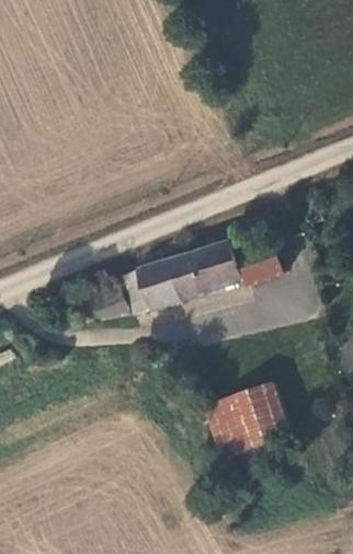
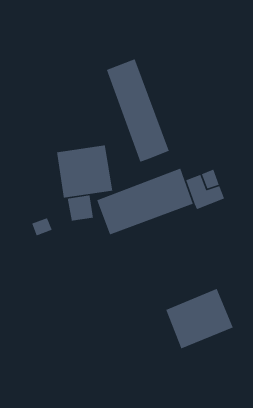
building: none -> [106,58,170,163]
building: none -> [56,145,113,199]

